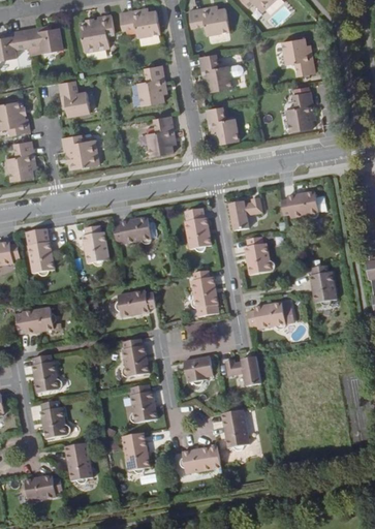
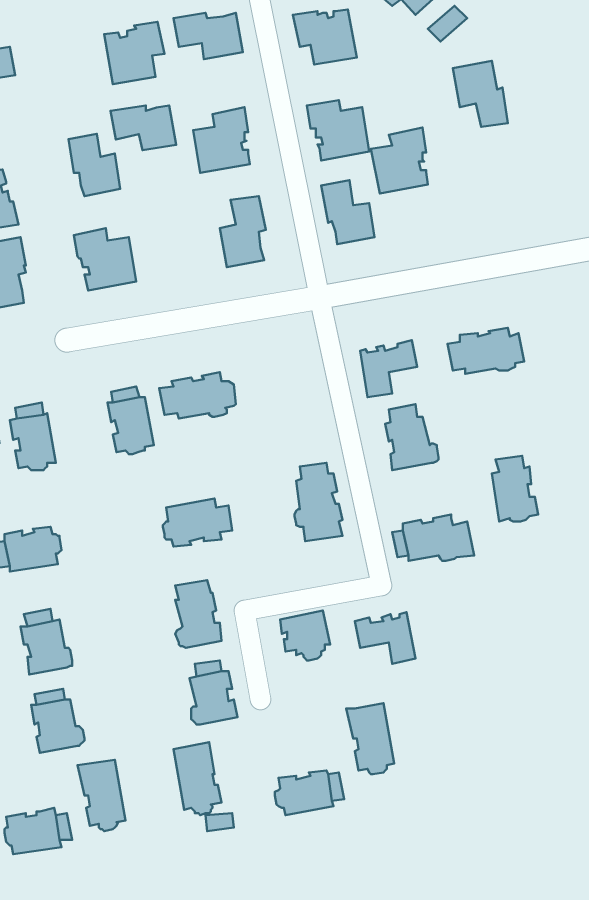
building: [26,25,64,51] -> [110,106,176,150]
building: [281,92,314,130] -> [371,128,428,193]
building: [188,216,215,250] -> none

